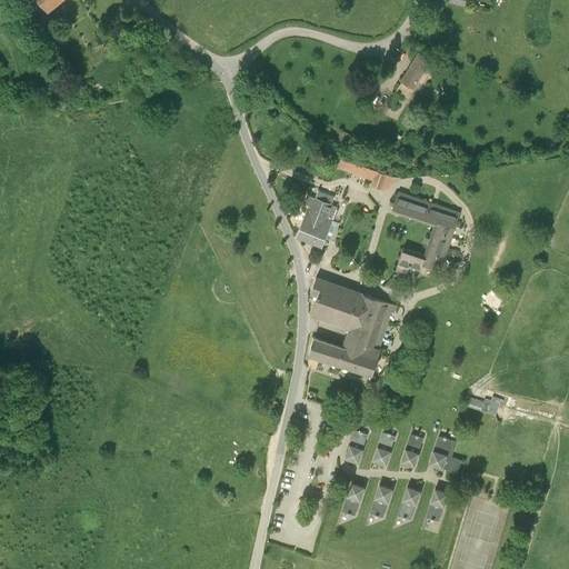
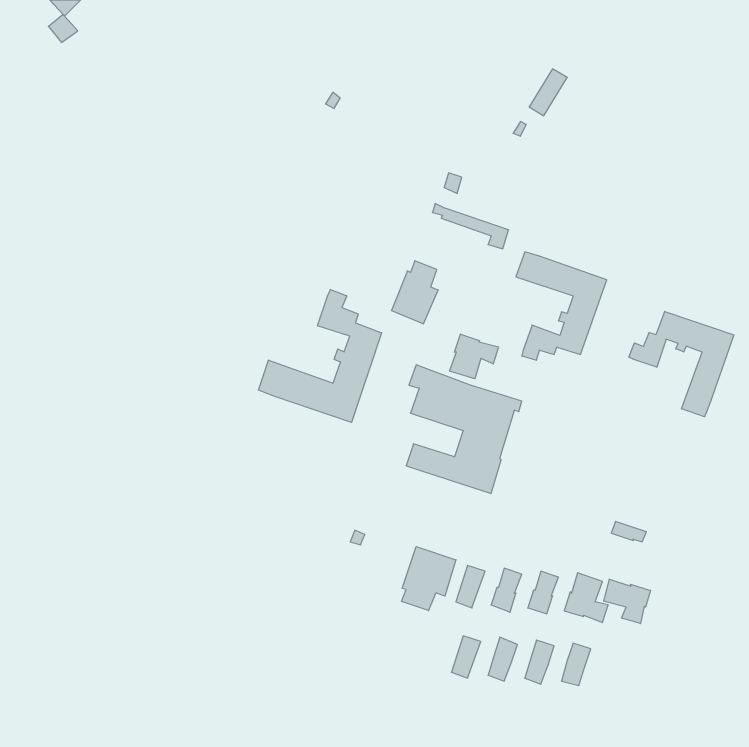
building: none -> [259,289,382,422]
building: none -> [629,311,734,417]
building: none -> [449,334,499,379]
building: none -> [402,547,456,611]
building: none -> [604,579,651,624]

